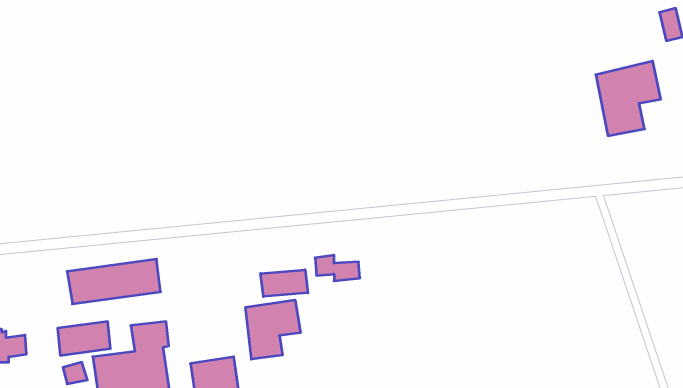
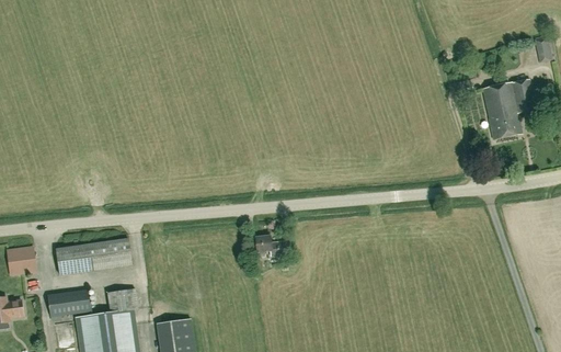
building: [261,270,308,297] -> none
building: none -> [7,247,36,273]
building: [246,300,300,359] -> none

